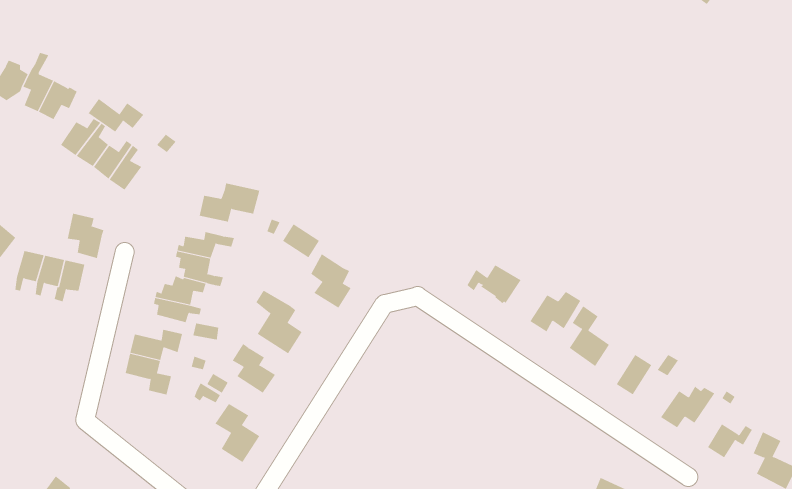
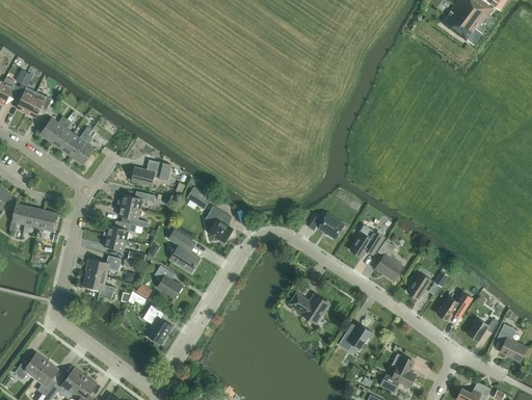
building: [88,98,144,133] -> none
building: [67,213,104,259] -> none
building: none -> [289,292,329,322]
building: none -> [339,324,374,351]

